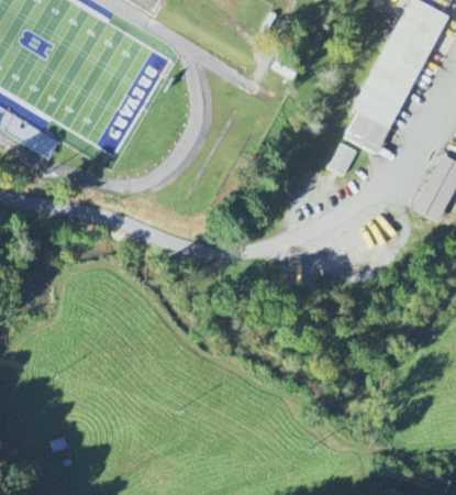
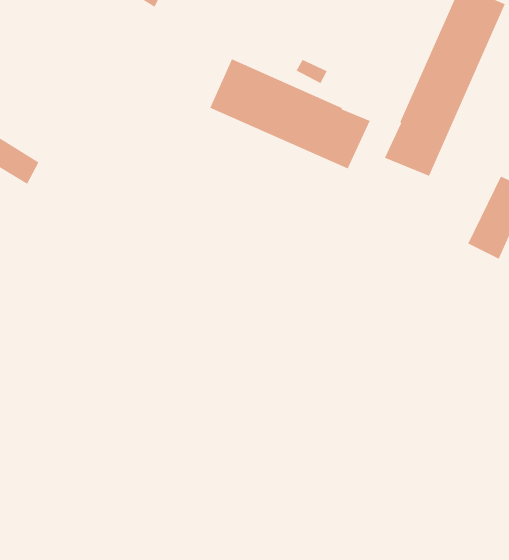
building: none -> [209,58,371,170]
building: [329,141,356,174] -> none

